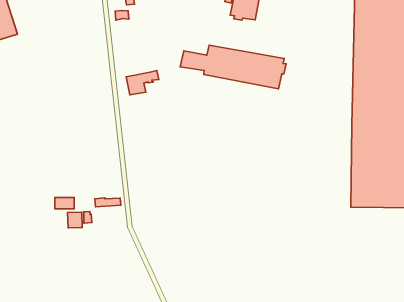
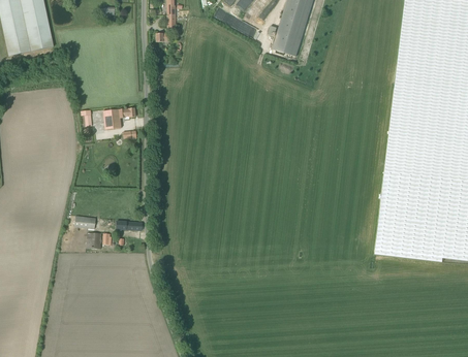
building: [180,45,286,89] -> none
building: [126,71,159,95] -> [102,107,135,129]

